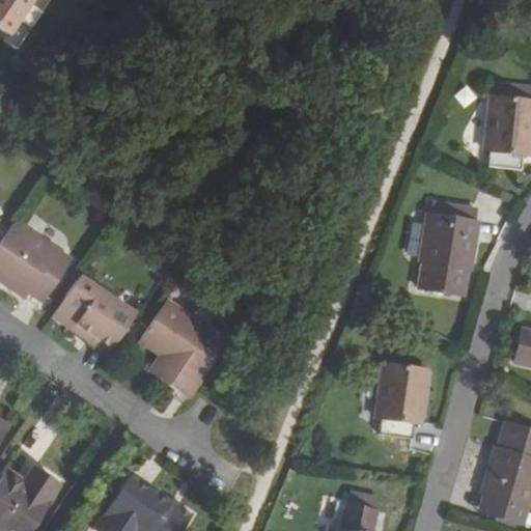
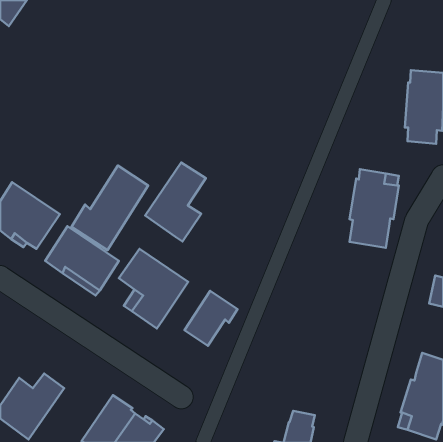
building: none -> [145,162,206,241]
building: none -> [71,165,148,250]
building: none -> [185,291,237,346]
building: [374,365,426,441] -> none

